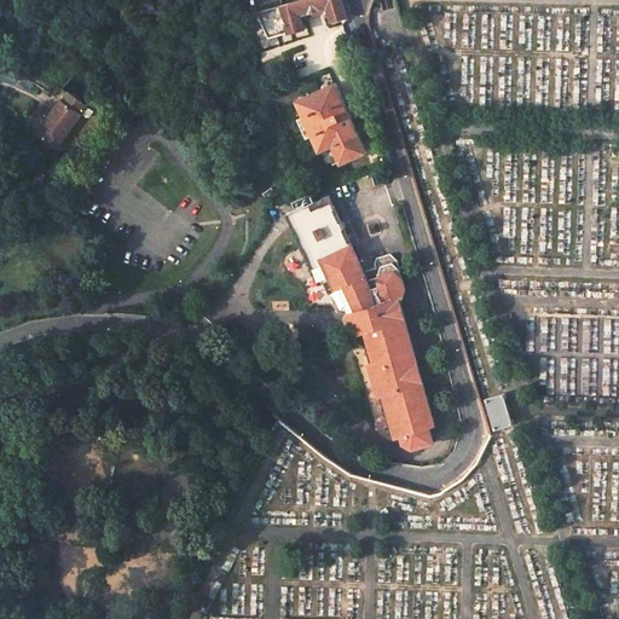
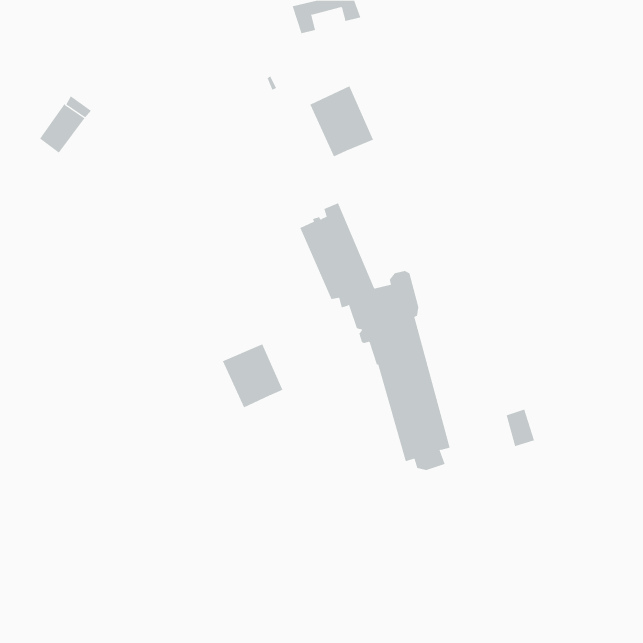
building: [258,6,289,37] -> none
building: [334,134,366,163] -> none
building: none -> [222,344,283,408]

